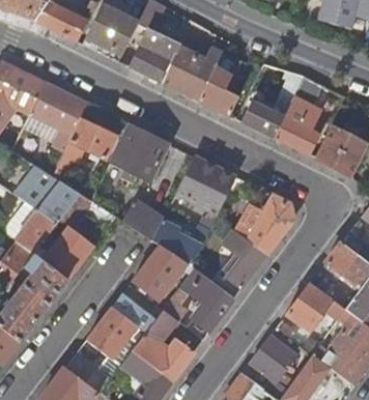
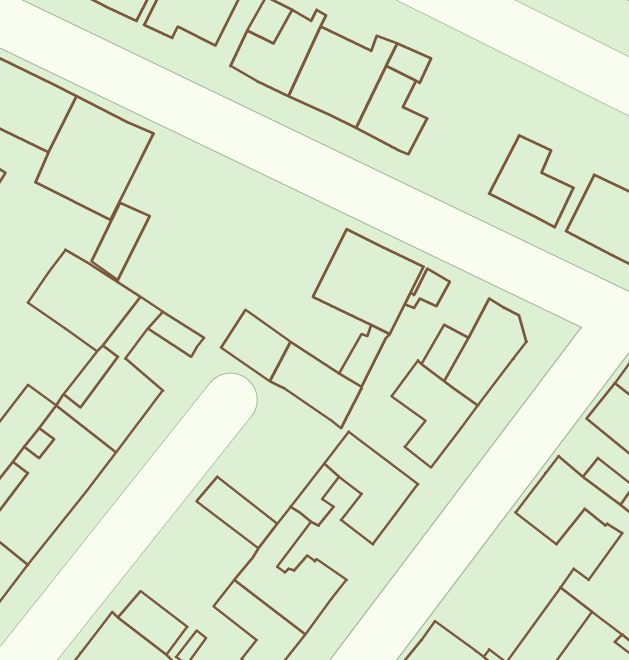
building: [243,80,299,136] -> none
building: [68,117,115,158] -> none
building: [112,124,169,180] -> none
building: [16,210,56,253] -> none
building: [129,244,186,298] -> none
building: [86,306,145,359] -> none
building: [251,335,297,387] -> none

